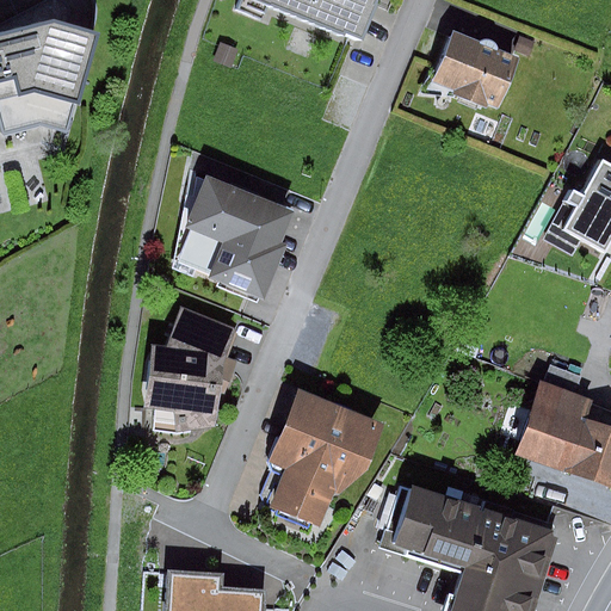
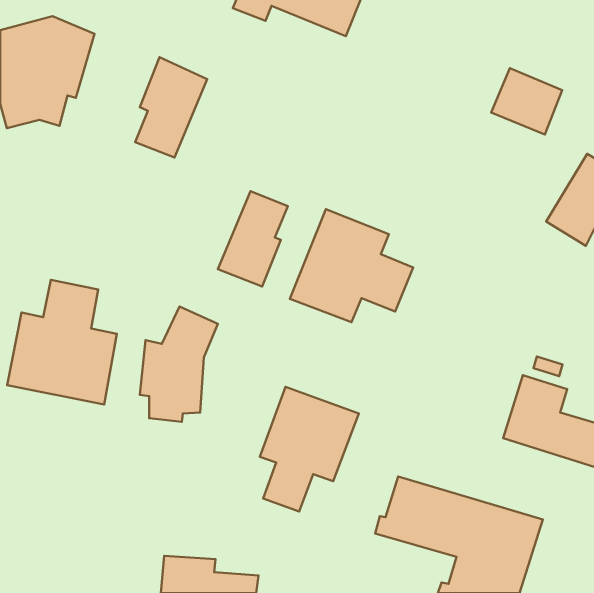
building: [433,35,506,103] -> [491,68,562,135]
building: [184,173,258,276] -> [135,57,207,157]
building: none -> [290,209,413,322]
building: none -> [7,280,117,404]

